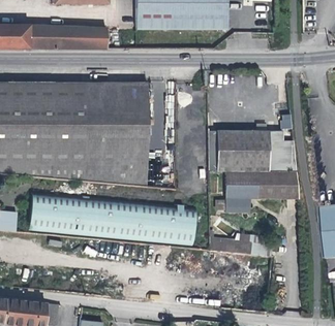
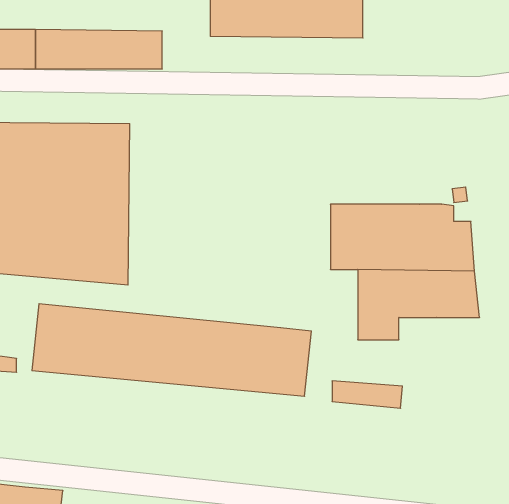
building: [87,83,148,188] -> none

